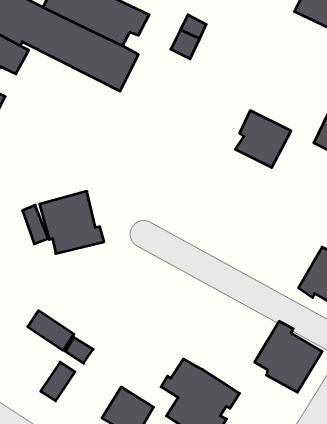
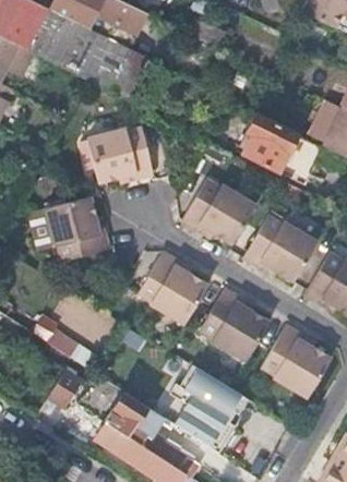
building: none -> [87,125,153,184]
building: none -> [180,177,256,245]
building: none -> [243,214,318,281]
building: none -> [137,253,207,324]
building: none -> [198,289,268,362]

